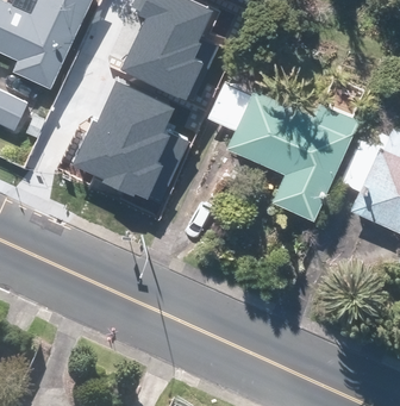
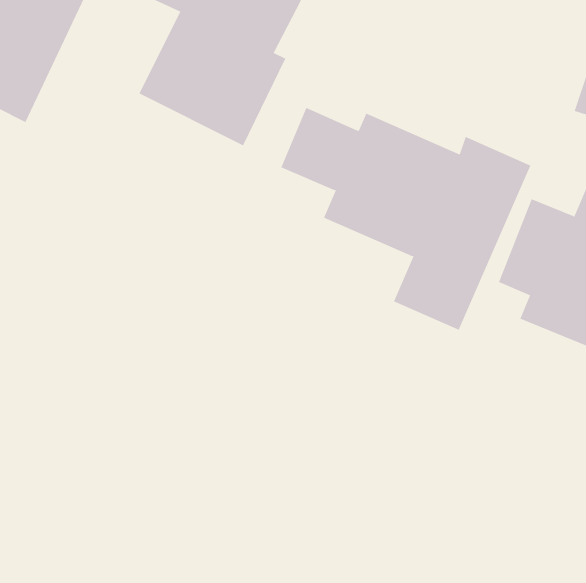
building: [69,83,188,213] -> none

